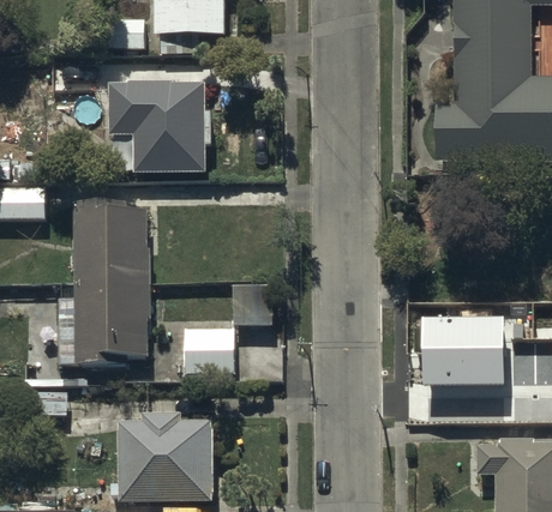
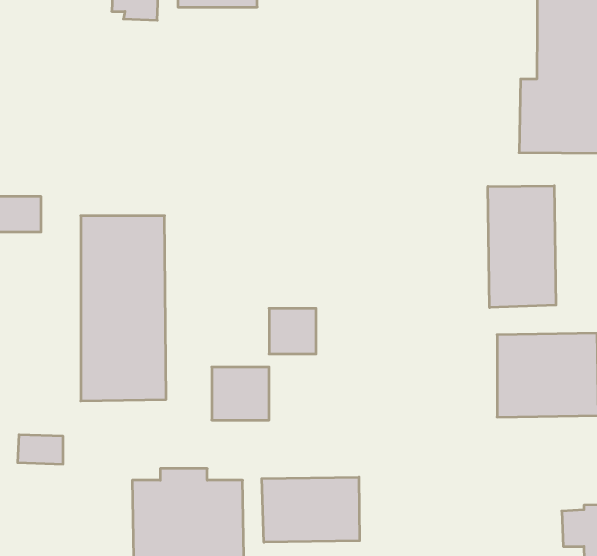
building: [113,86,204,177] -> none
building: none -> [488,186,556,308]
building: none -> [262,477,360,542]

